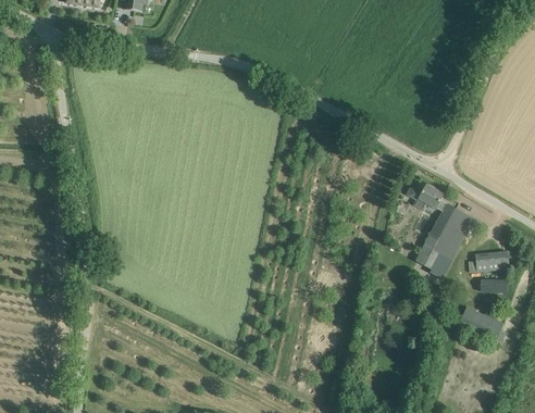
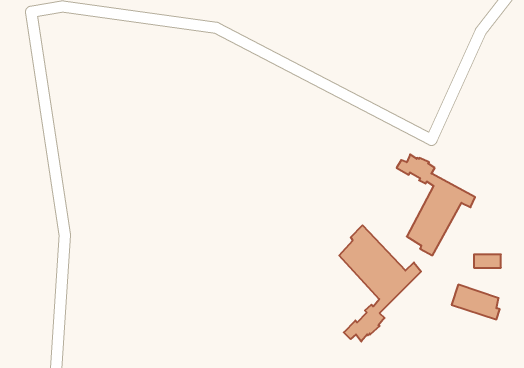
building: none -> [339,225,421,342]
building: [468,252,509,273] -> none

